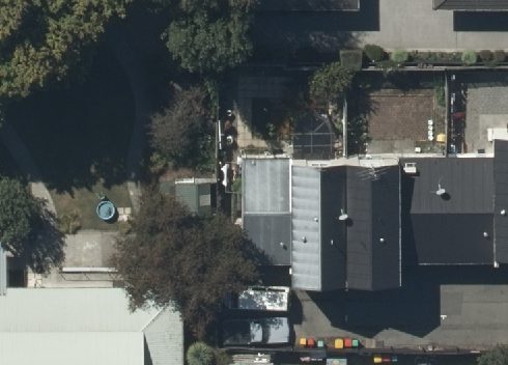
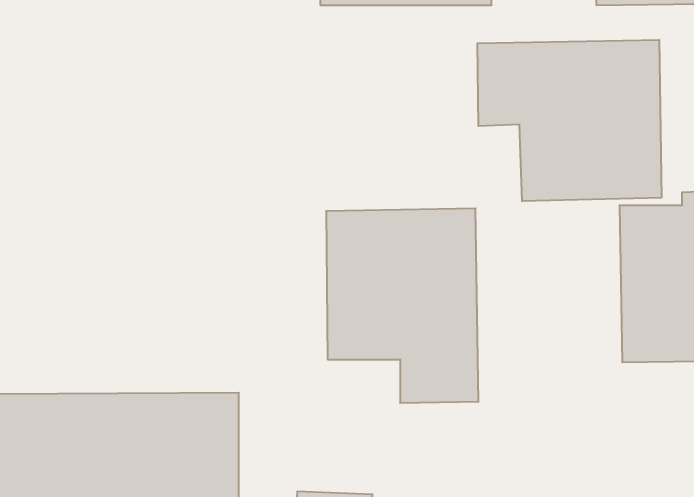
building: none -> [477,40,661,201]
building: [350,155,454,294] -> none

